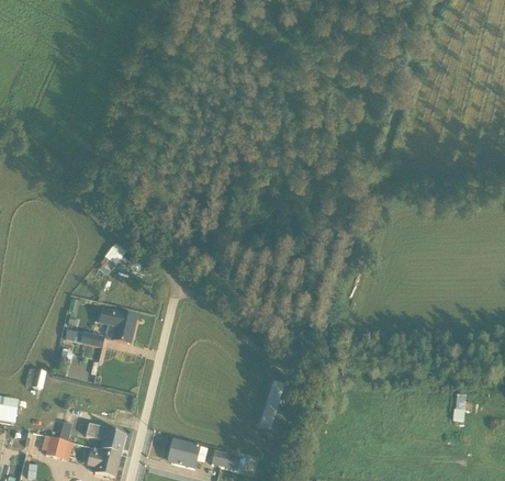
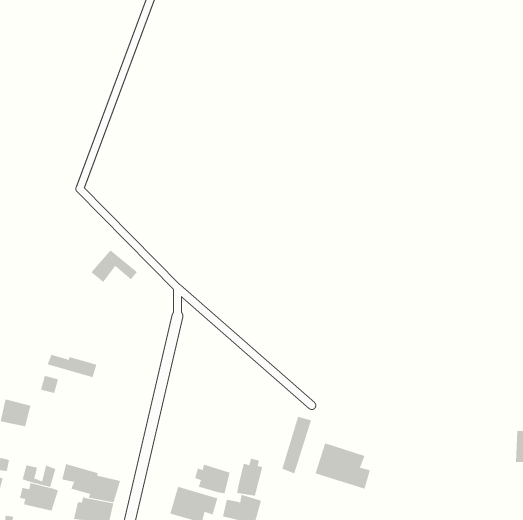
building: [97,307,136,343] -> none
building: none -> [315,442,371,490]
building: none -> [237,458,263,496]
building: none -> [194,464,230,494]

